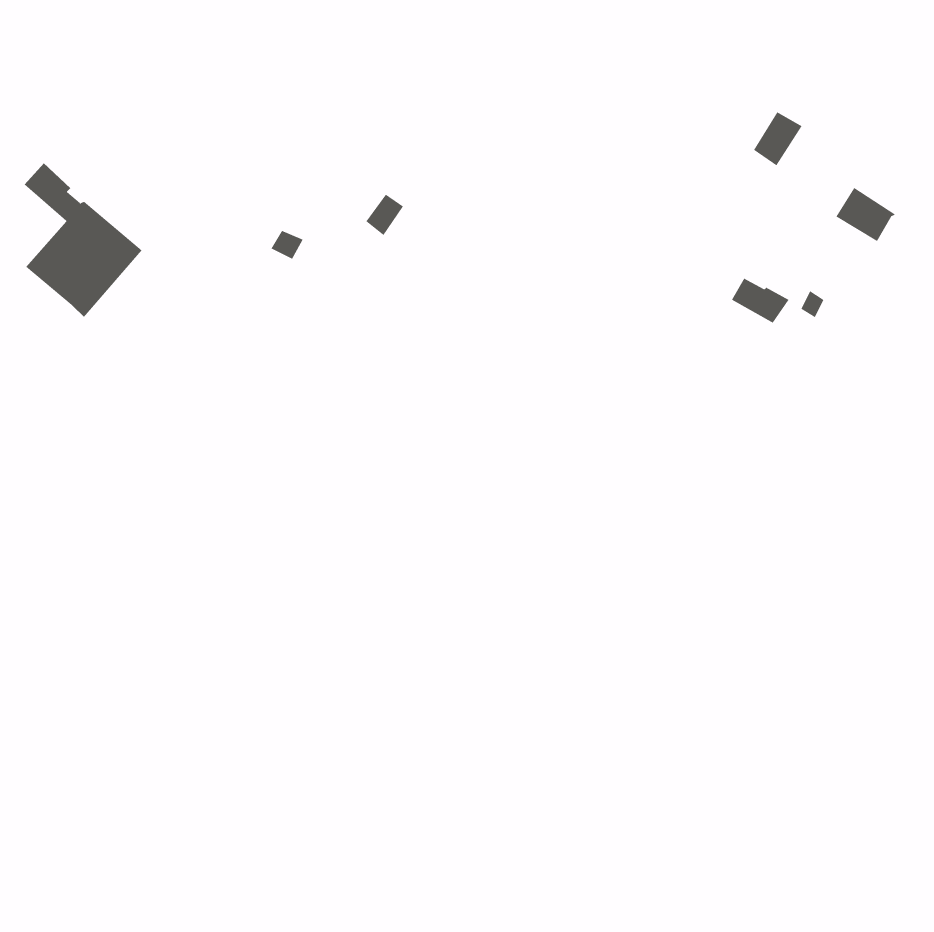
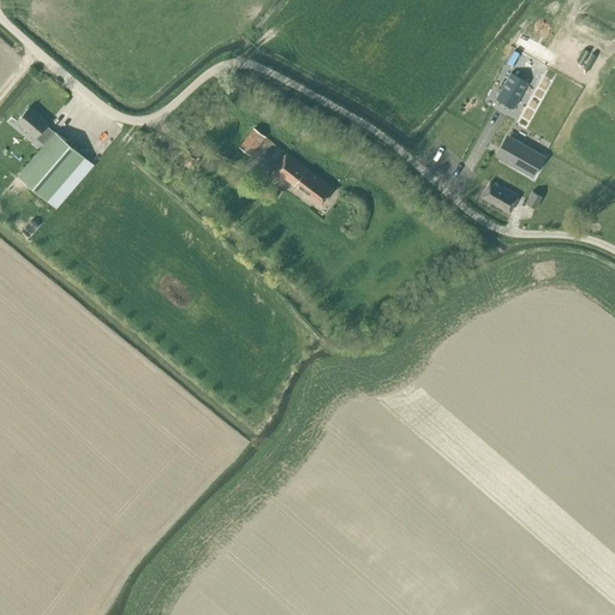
building: [836,187,896,242] -> [506,142,545,178]
building: none -> [273,155,332,207]

